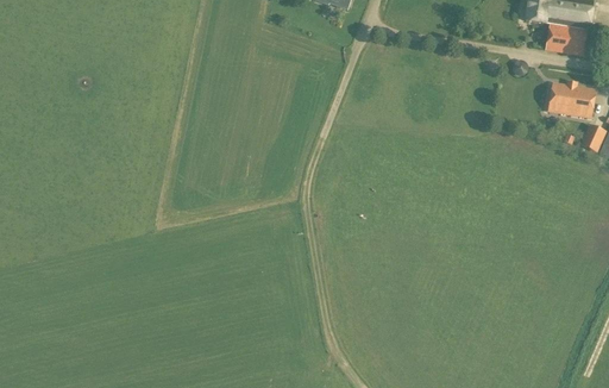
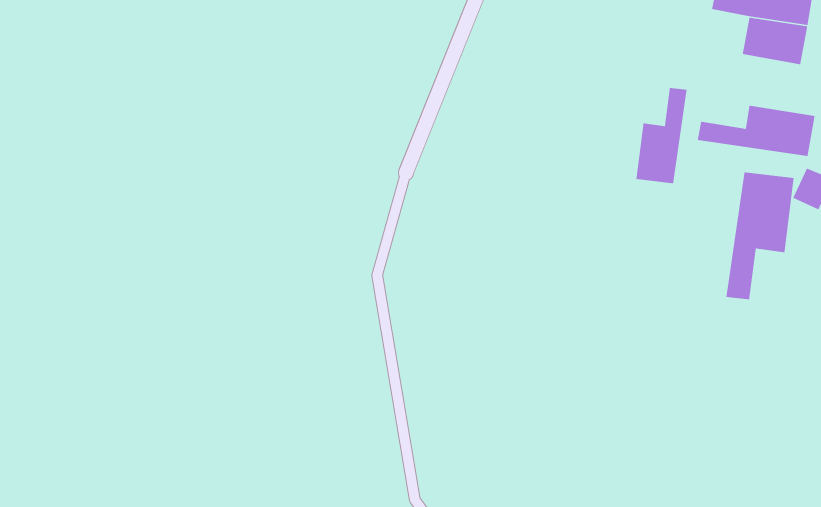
building: none -> [635,87,688,184]
building: none -> [726,171,795,300]

